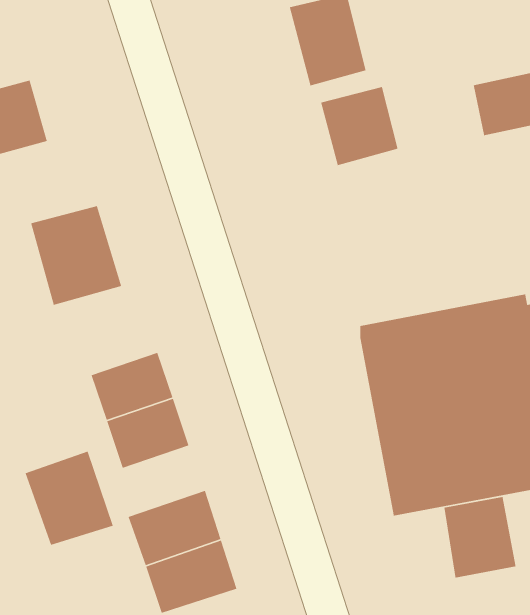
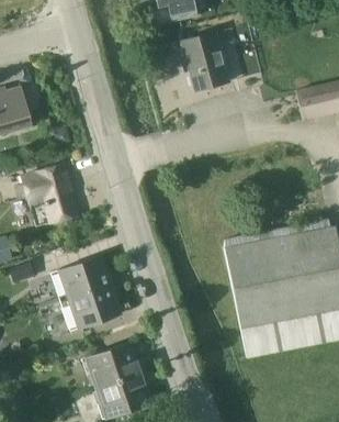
building: [320,86,399,166] -> none
building: [24,451,114,546] -> none
building: [443,496,516,579] -> none

